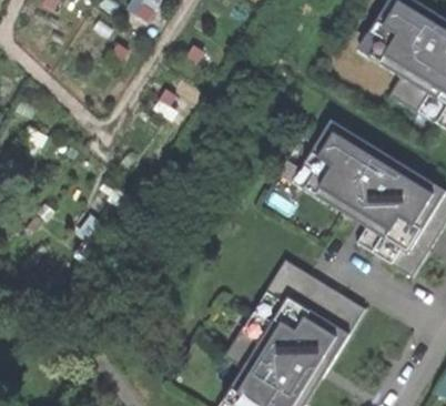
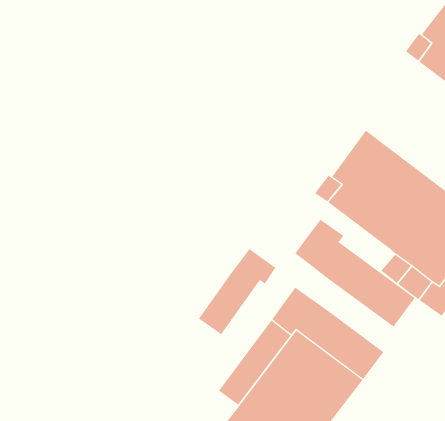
building: none -> [294,219,415,328]
building: none -> [198,248,276,335]

